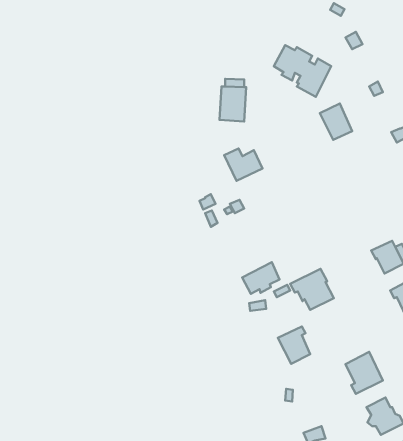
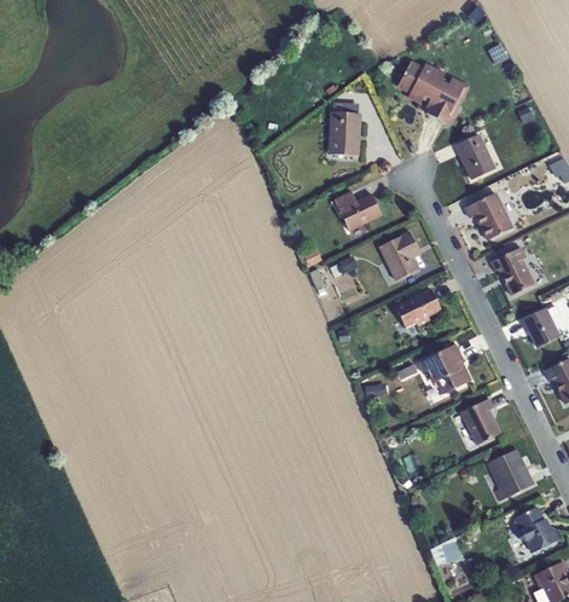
building: none -> [464,191,513,239]
building: none -> [378,230,420,280]
building: none -> [490,245,535,295]
building: [242,262,279,294] -> [394,288,441,328]
building: [278,326,310,364] -> [459,398,500,445]

